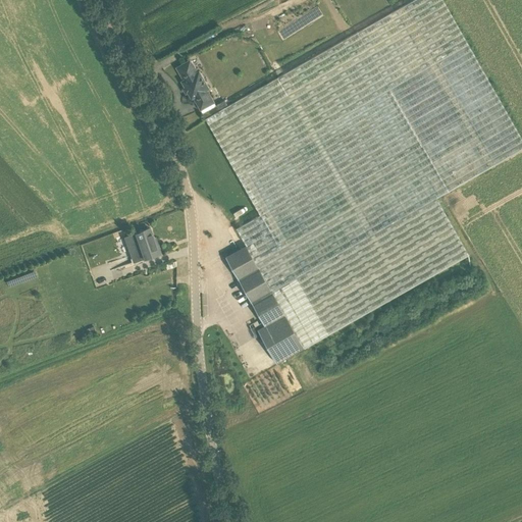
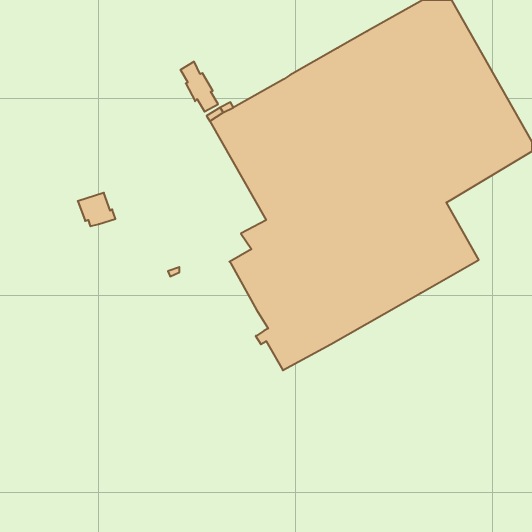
building: [122,229,159,262] -> [78,193,115,226]

